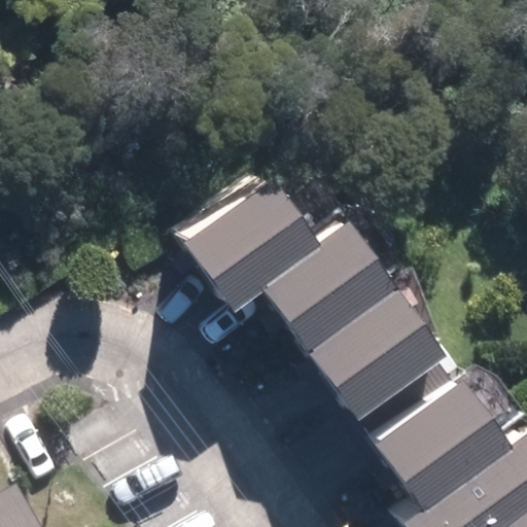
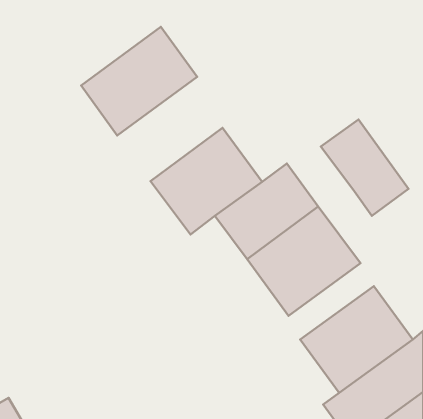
building: none -> [81,27,197,135]
building: none -> [321,120,409,216]

